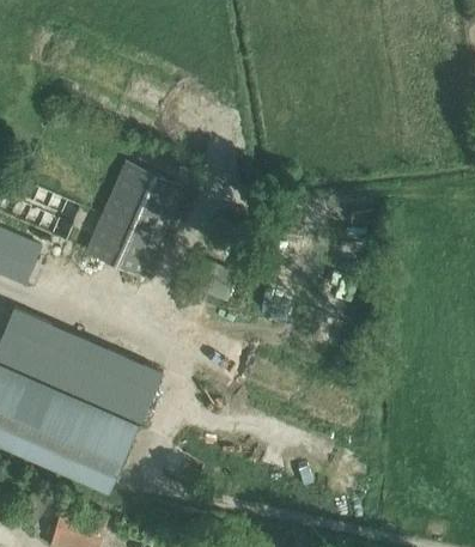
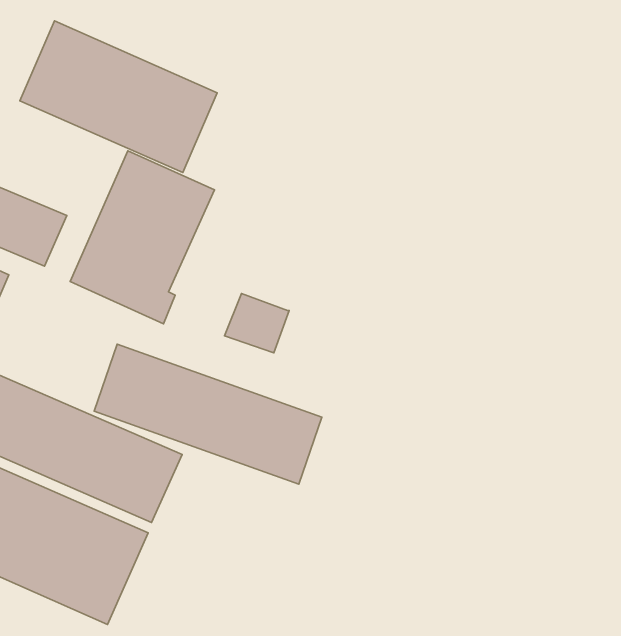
building: none -> [20,21,217,173]
building: none -> [94,344,322,484]

